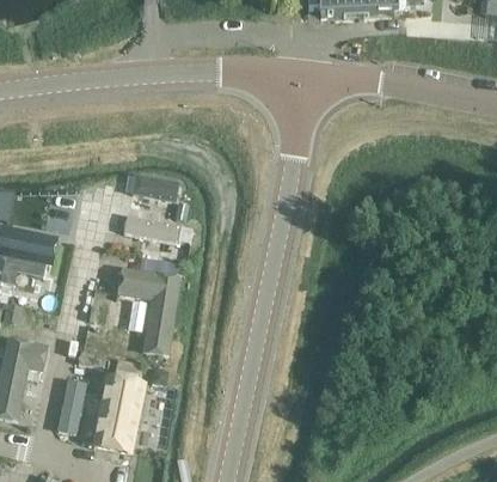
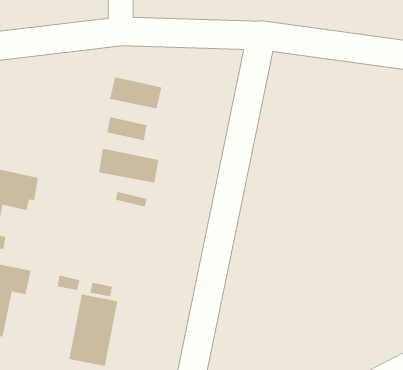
building: none -> [110,77,162,109]
building: [117,267,182,358] -> none
building: [57,378,87,434] -> none

